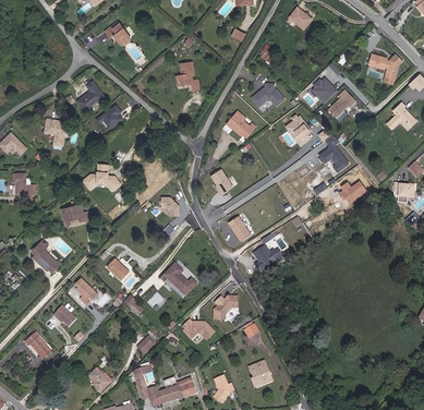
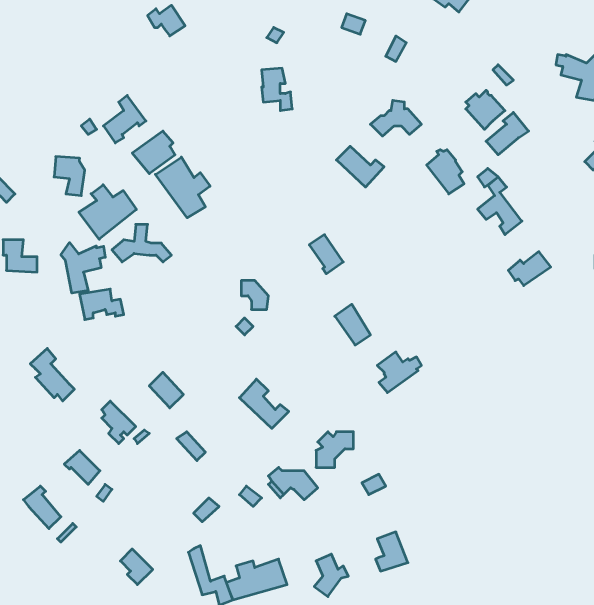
building: none -> [155,157,210,218]
building: none -> [79,185,136,239]
building: none -> [61,243,105,293]

